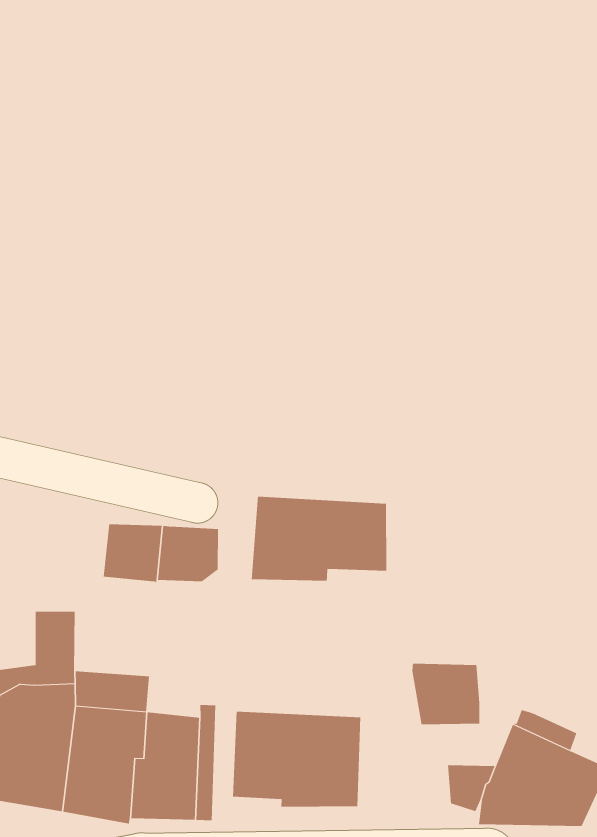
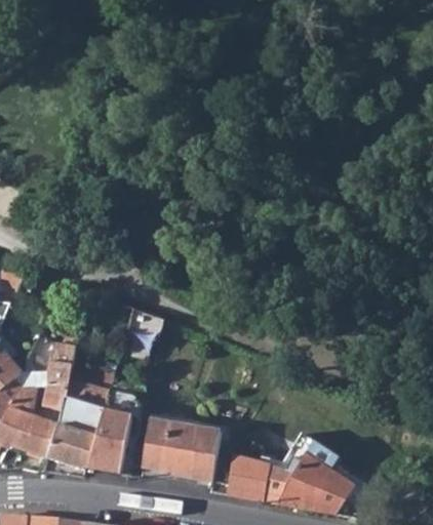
building: [251,496,387,582] -> none
building: [411,663,480,725] -> [227,459,264,499]

